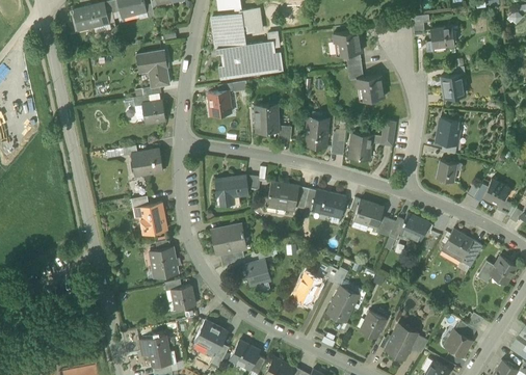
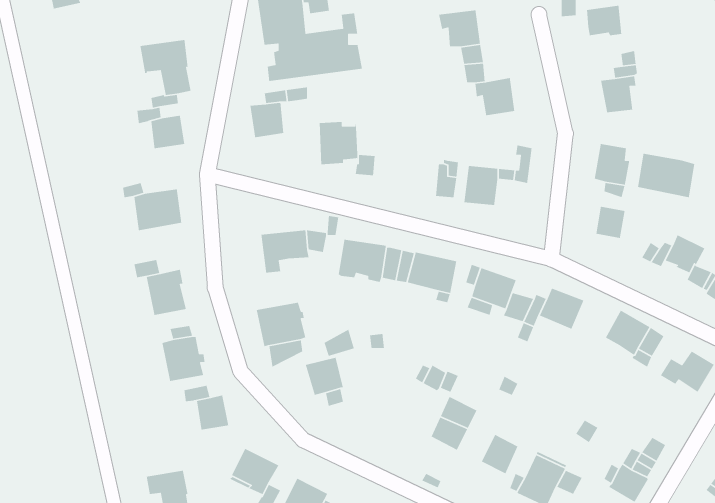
building: [307,116,328,146] -> none
building: none -> [637,153,695,198]
building: [293,272,321,303] -> none

